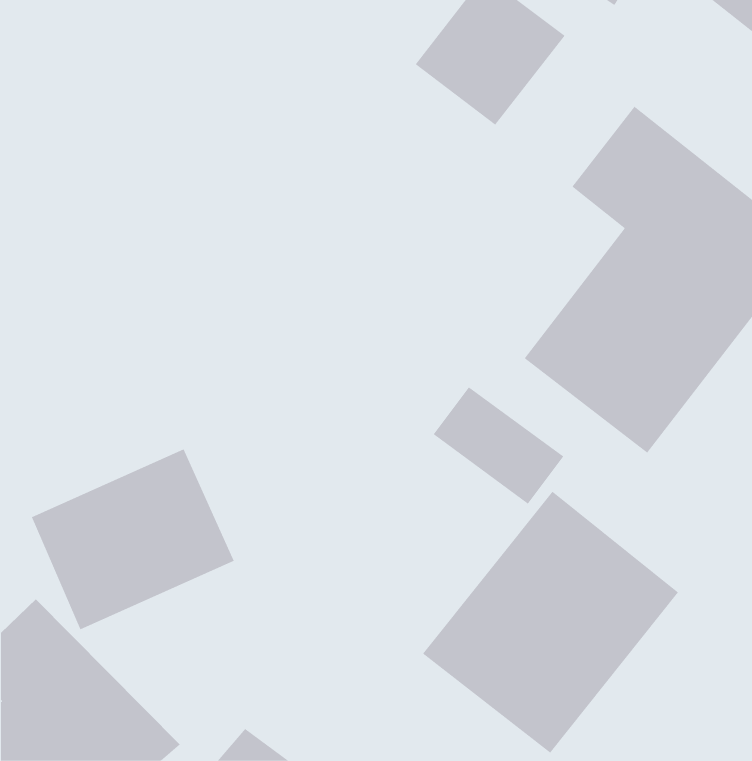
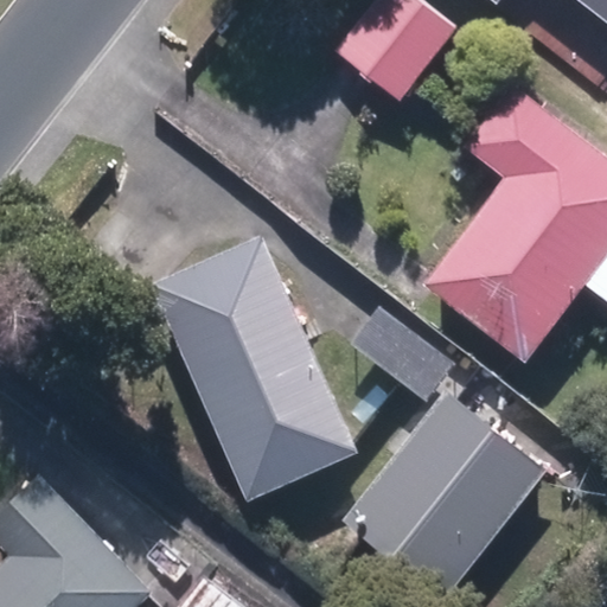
building: none -> [149,236,356,499]
building: [31,449,234,630] -> none

